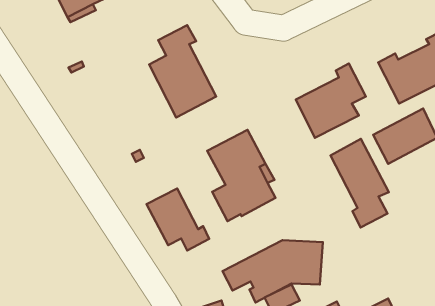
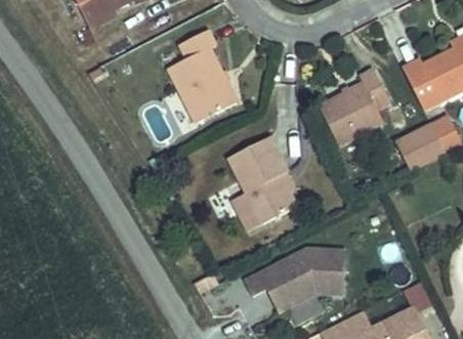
building: [330,139,389,227] -> none
building: [147,189,209,250] -> none

